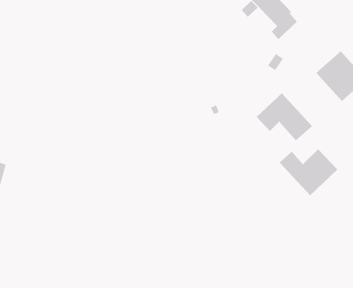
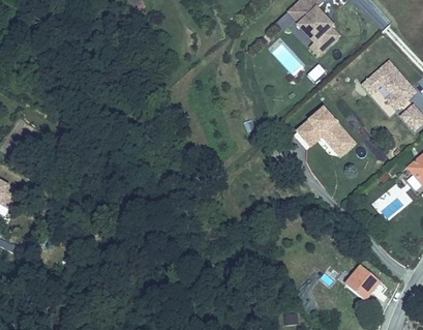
building: [279,149,338,196] -> none
building: none -> [343,260,379,294]

